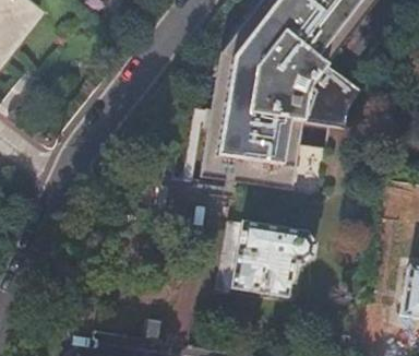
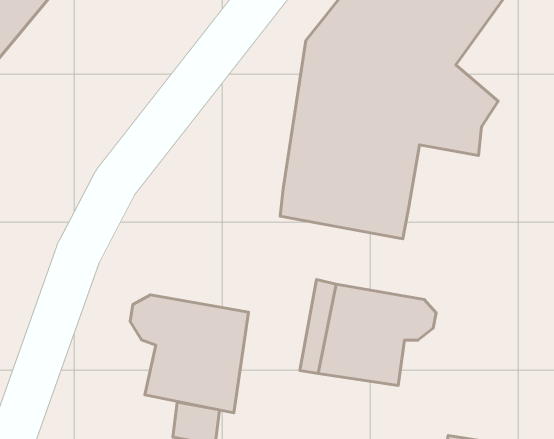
building: none -> [130,295,249,413]

